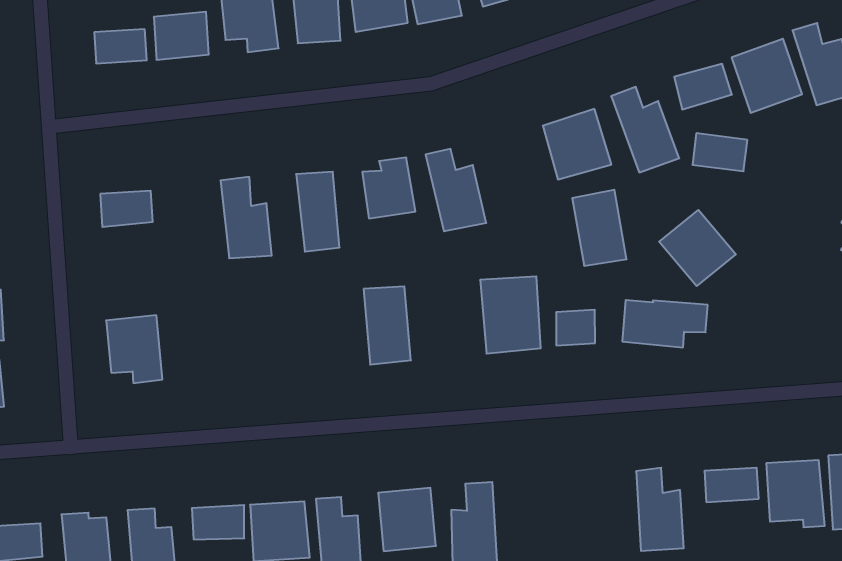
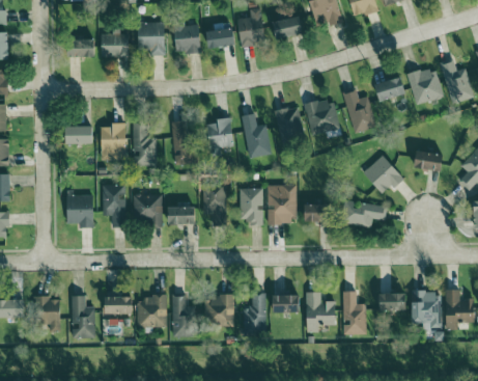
building: [692,133,747,171] -> [414,151,444,172]
building: none -> [100,123,125,160]
building: [572,190,627,266] -> [276,107,303,146]
building: none -> [238,188,262,225]
building: none -> [101,185,125,227]
building: none -> [132,194,162,224]
building: none -> [167,208,195,225]
building: none -> [305,292,336,332]
building: none -> [272,295,301,311]

